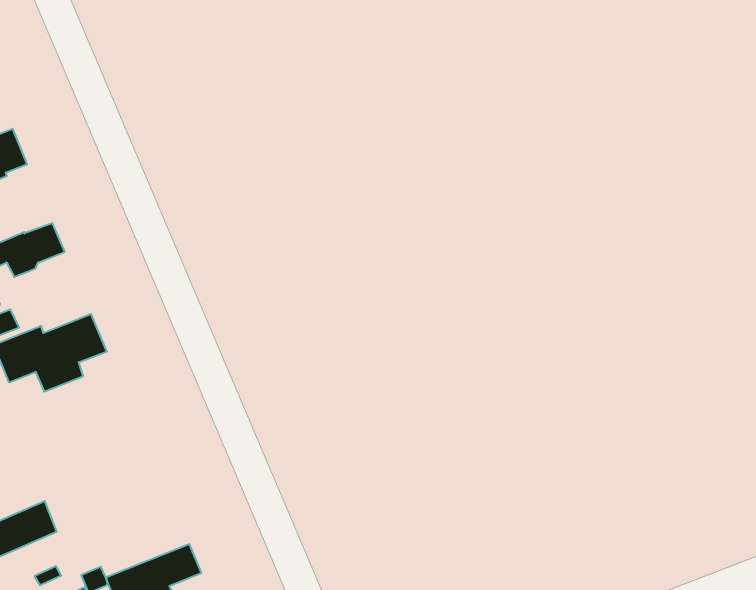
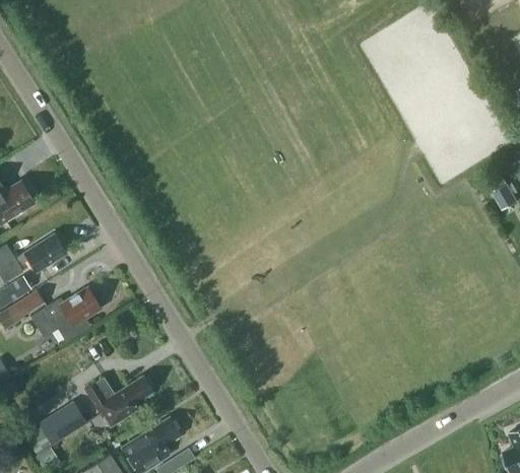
building: none -> [83,376,152,426]

